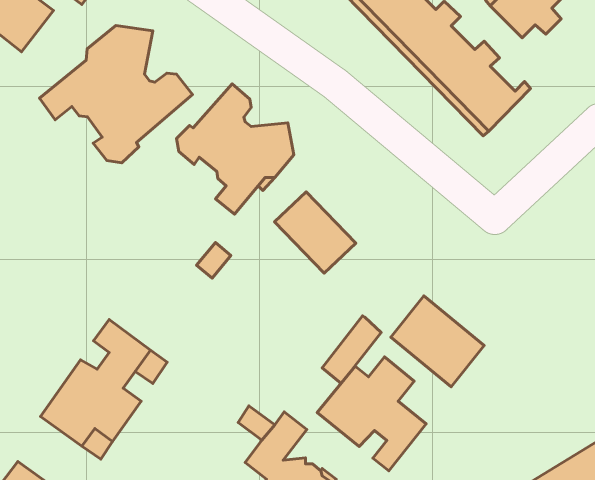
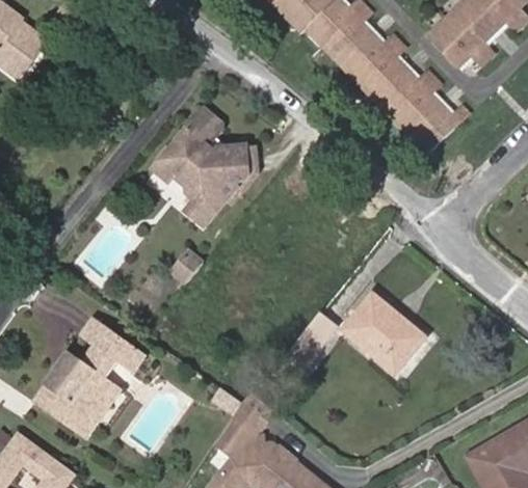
building: [39,25,192,163] -> none
building: [274,192,356,273] -> none
building: [317,357,426,471] -> none

